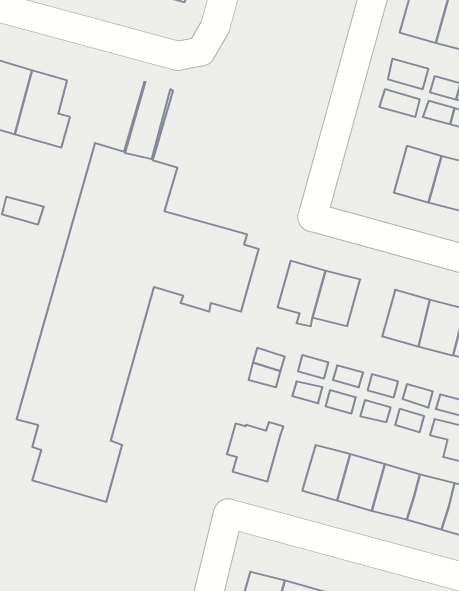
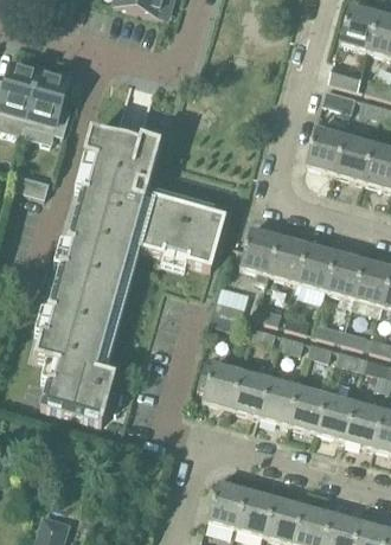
building: none -> [307,127,346,173]
building: none -> [297,244,336,290]
building: none -> [232,371,271,416]

